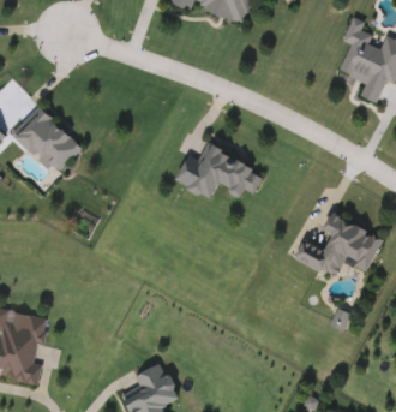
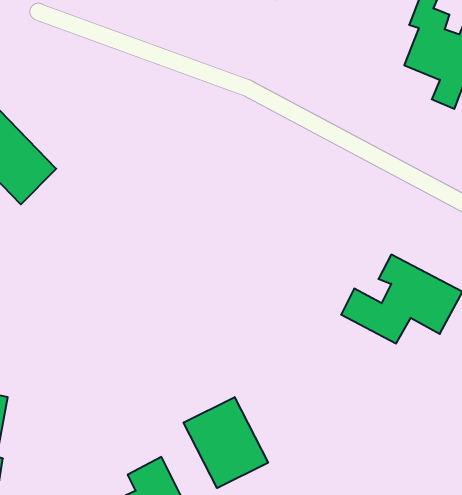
building: [173,143,264,199] -> none
building: none -> [184,397,268,488]

